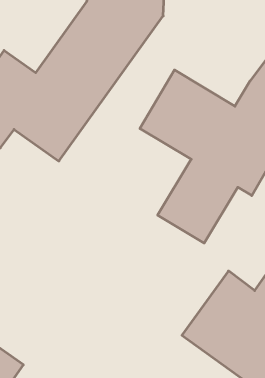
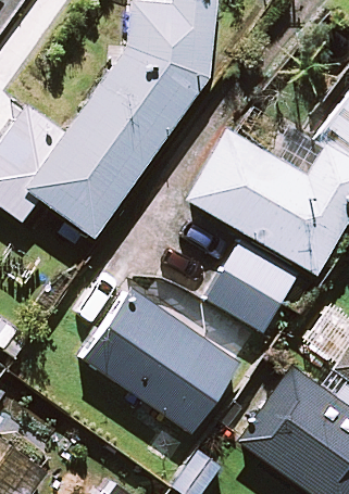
building: none -> [85,293,241,430]

